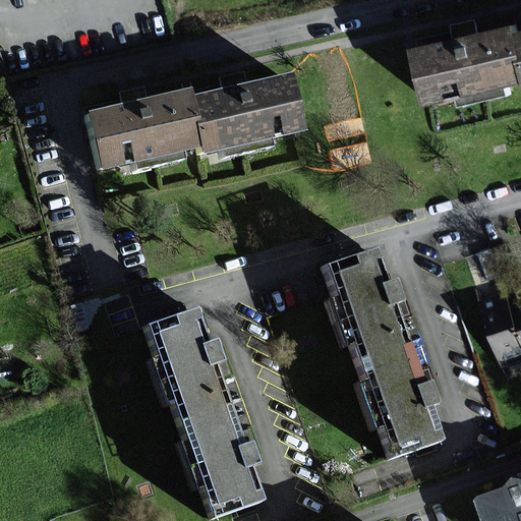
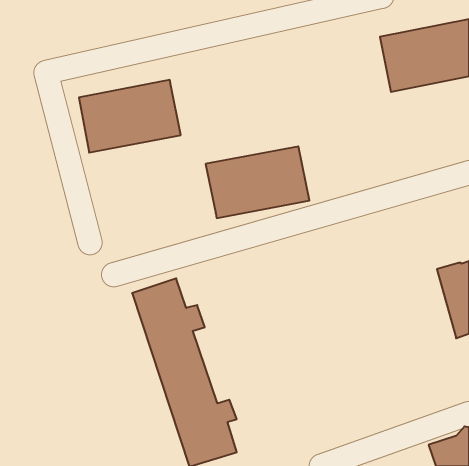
building: [189,75,304,155] -> [206,146,309,218]
building: [326,251,442,460] -> none

